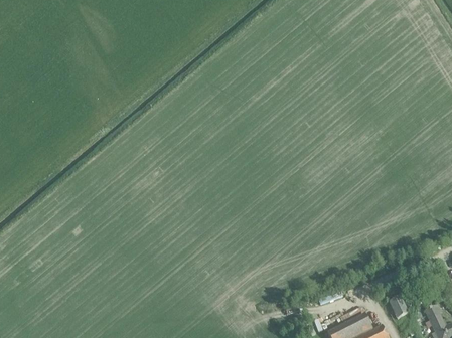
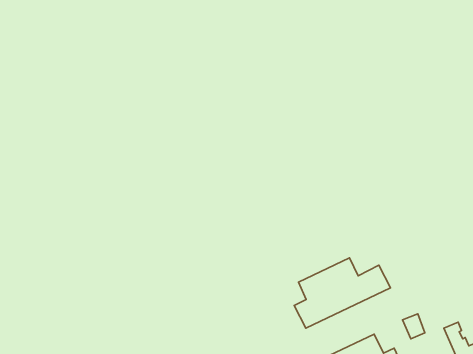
building: none -> [294,258,390,328]

